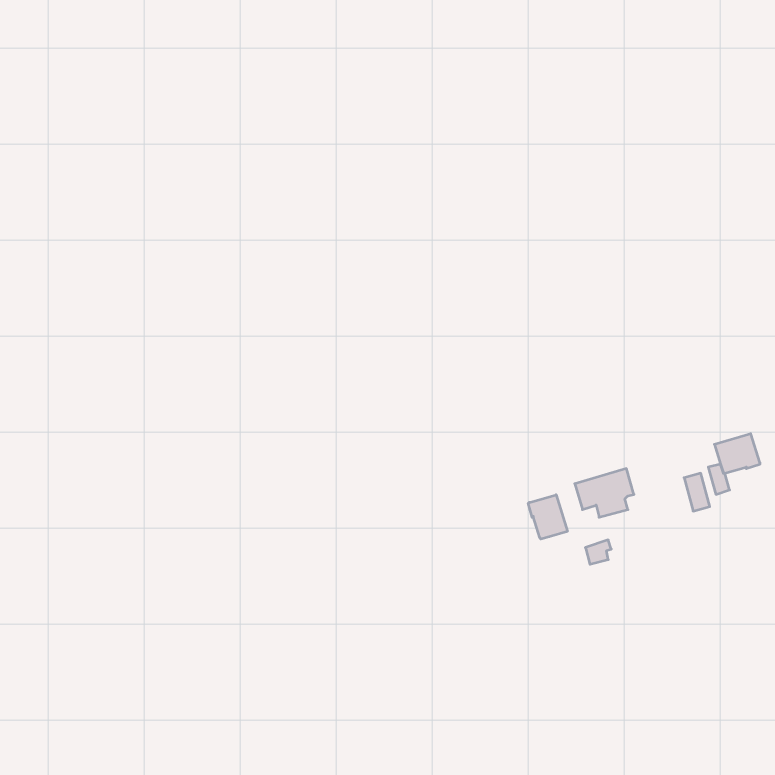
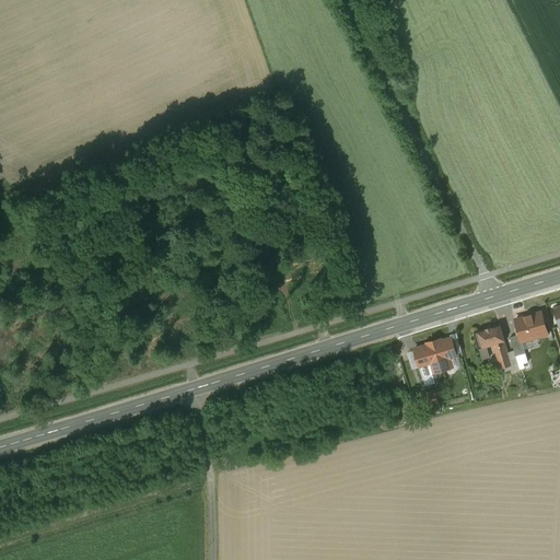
building: none -> [475,325,505,349]
building: [528,495,567,539] -> none

